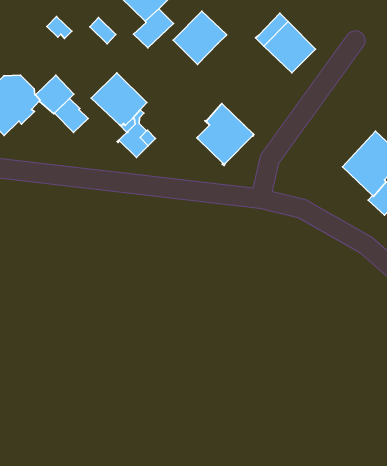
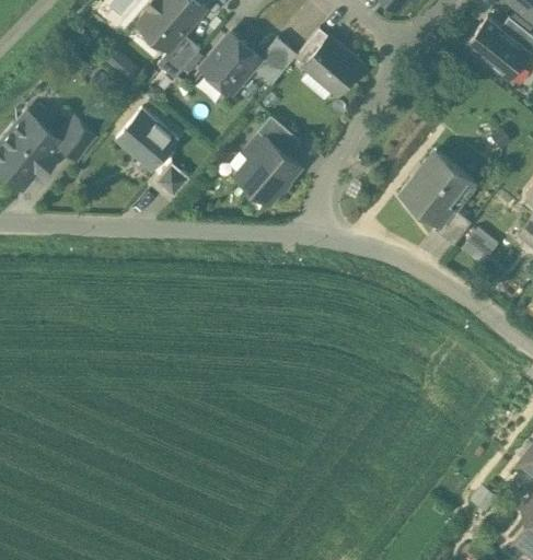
building: none -> [252,37,297,84]
building: none -> [257,116,301,156]
building: [55,99,88,132] -> none

